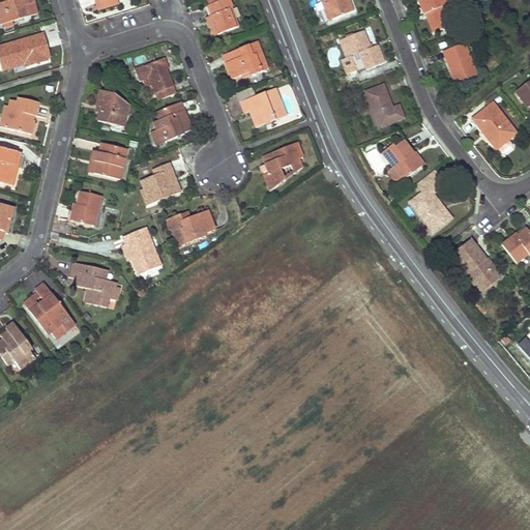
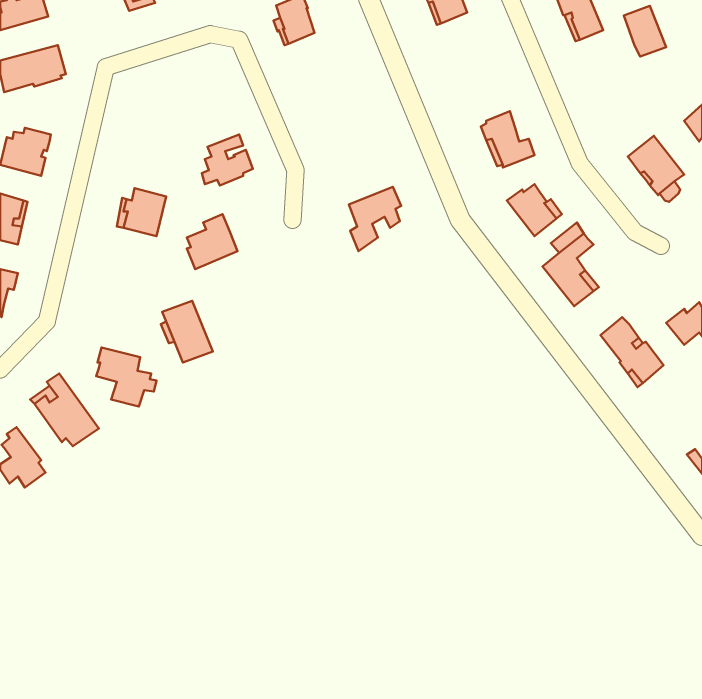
building: [338,29,384,72] -> none
building: [223,40,267,78] -> none
building: [444,42,476,81] -> [624,6,666,57]
building: [135,57,175,98] -> none
building: [241,87,285,125] -> none
building: [97,89,128,125] -> none
building: [70,190,99,224] -> none
building: [168,209,213,244] -> none

